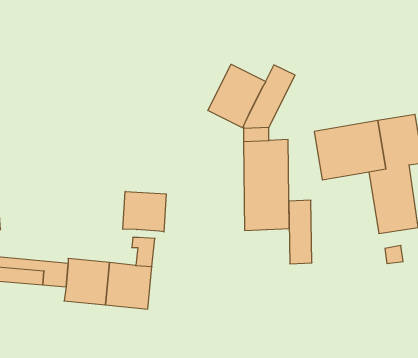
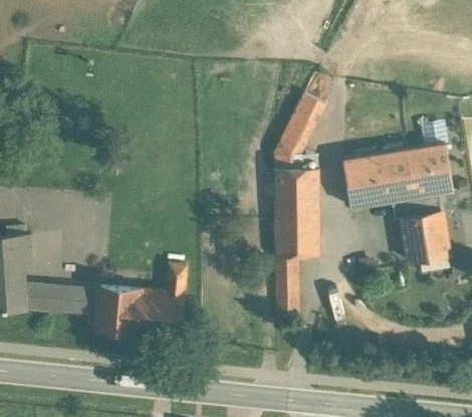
building: [208,64,266,128] -> none
building: [123,191,166,232] -> none
building: [289,200,312,264] -> [275,257,298,321]

